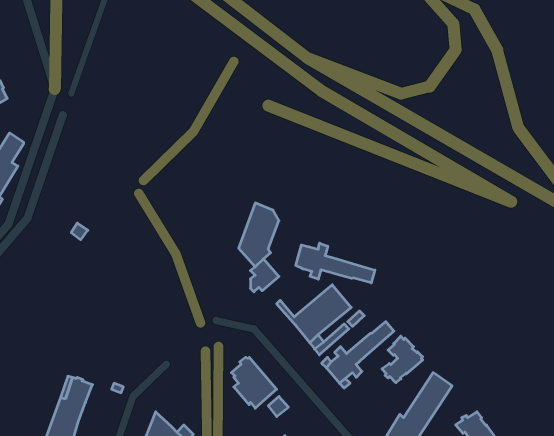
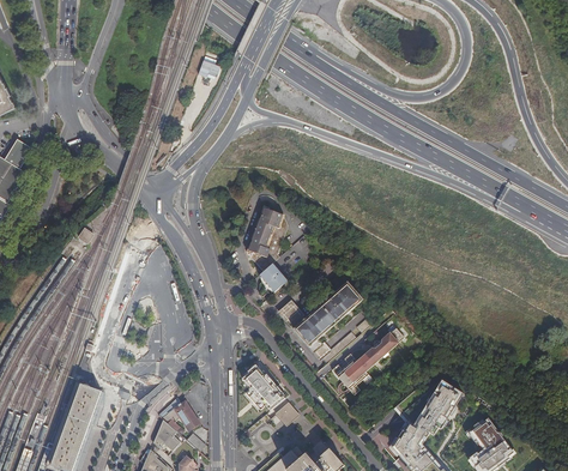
building: [296,243,375,283] -> none
building: [382,336,423,383] -> none
building: none -> [158,398,195,434]

